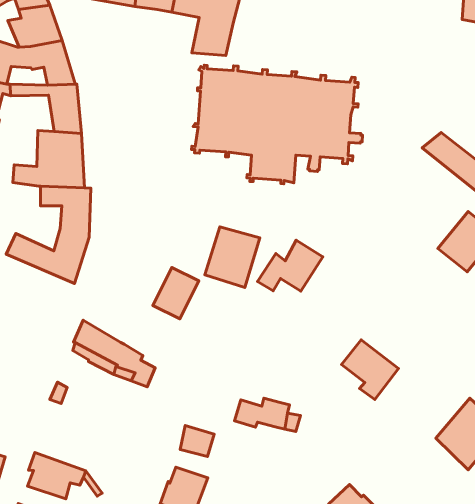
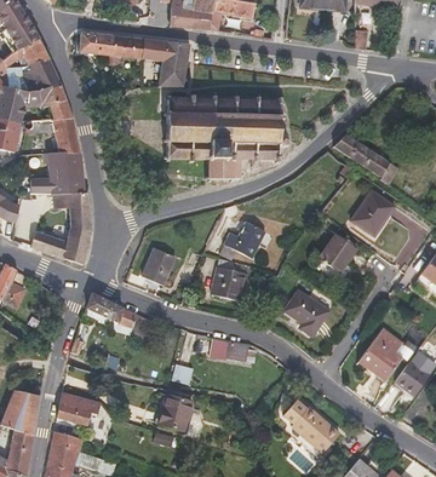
building: [205,227,260,287] -> [210,258,248,301]
building: none -> [319,232,356,271]

